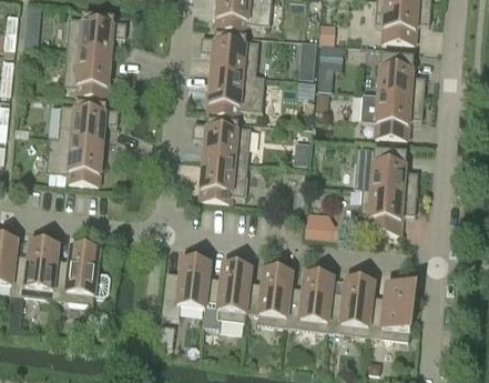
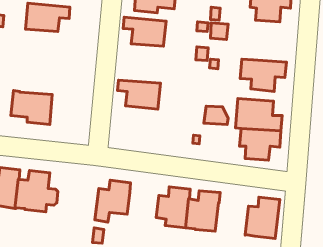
building: [62,51,110,95] -> none
building: [378,52,425,97] -> none
building: [207,71,265,114] -> none
building: [58,102,119,141] -> none
building: [200,157,247,200] -> none
building: [304,210,337,235] -> [204,106,228,125]
building: [203,263,251,325] -> none
building: [326,278,374,334] -> none

